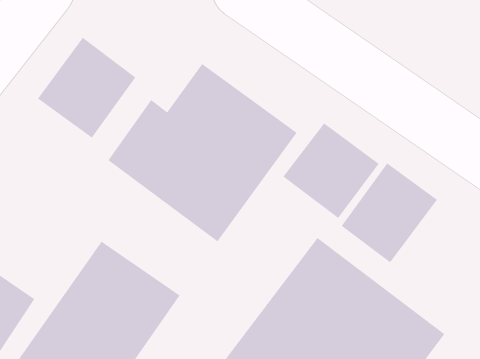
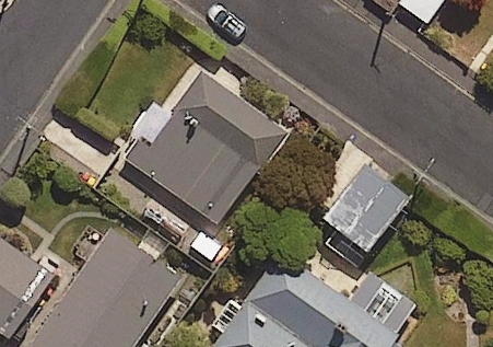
building: [37,37,136,138] -> none
building: [282,123,379,219] -> none

